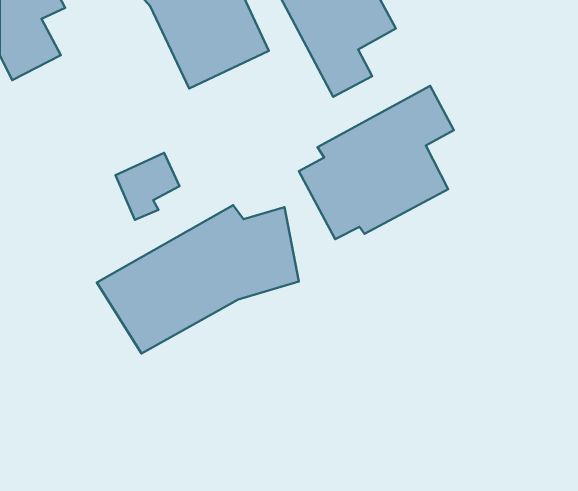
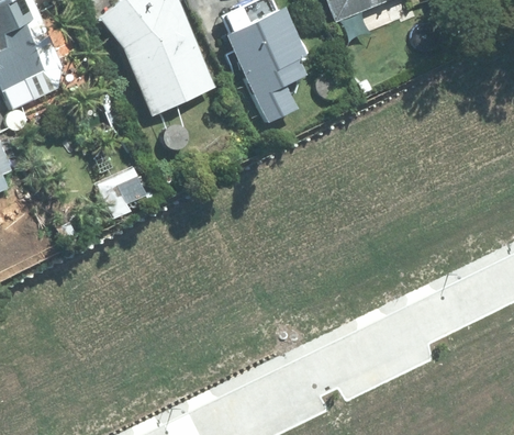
building: [299,86,454,239] -> none
building: [97,205,299,353] -> none

